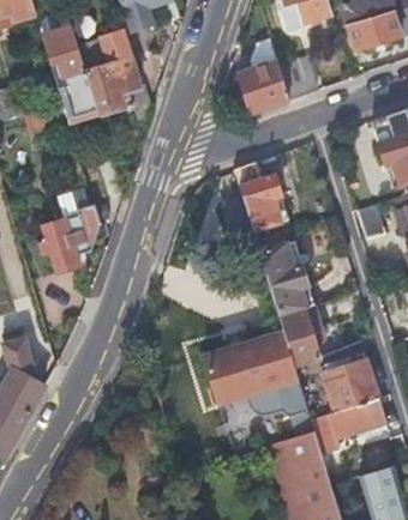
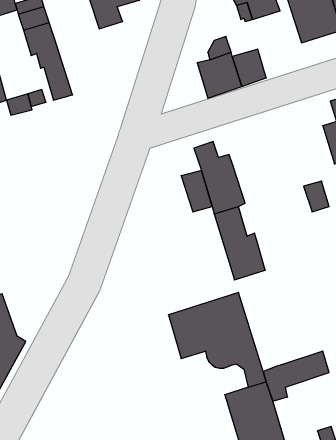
building: [77,31,152,137] -> none
building: [37,191,101,274] -> none
building: [281,309,323,367] -> none
building: [324,356,379,412] -> none

